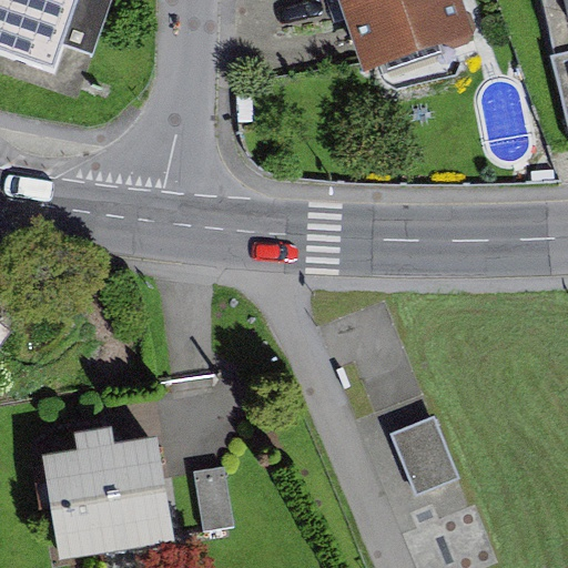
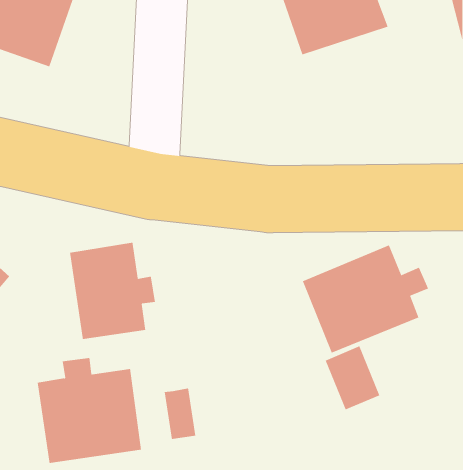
building: none -> [70,242,155,340]
building: none -> [302,245,429,354]

